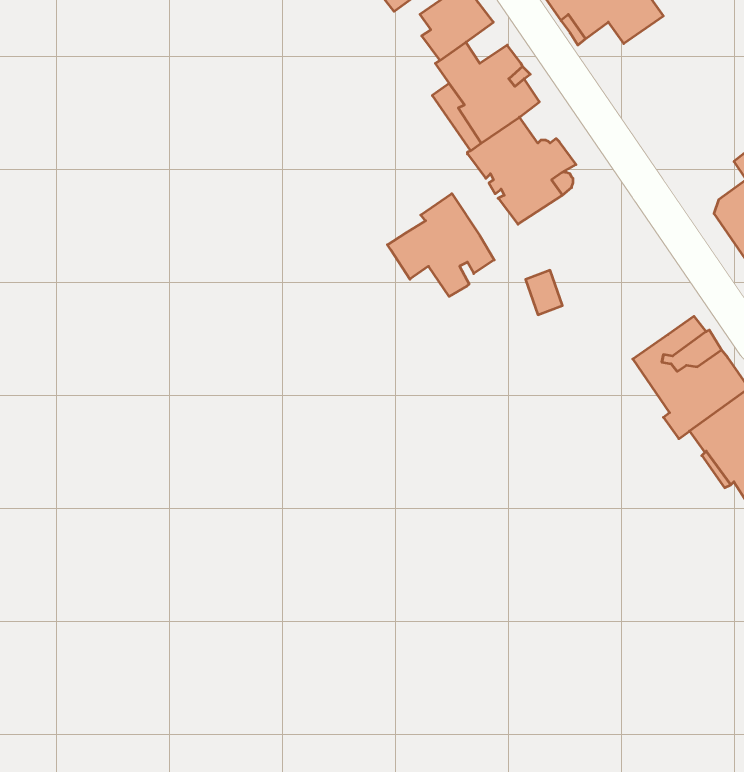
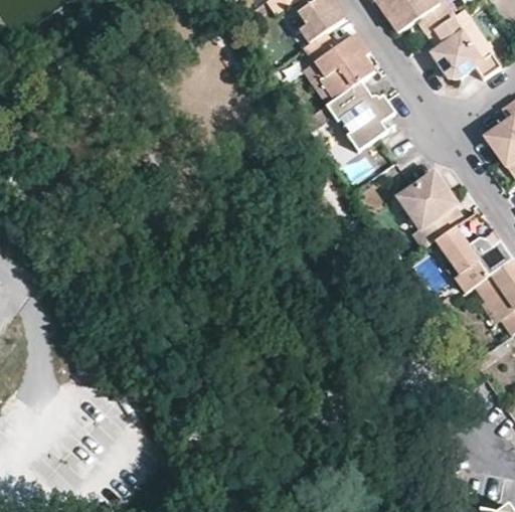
building: none -> [428,9,500,75]
building: [387,194,494,296] -> none
building: none -> [397,176,458,245]

